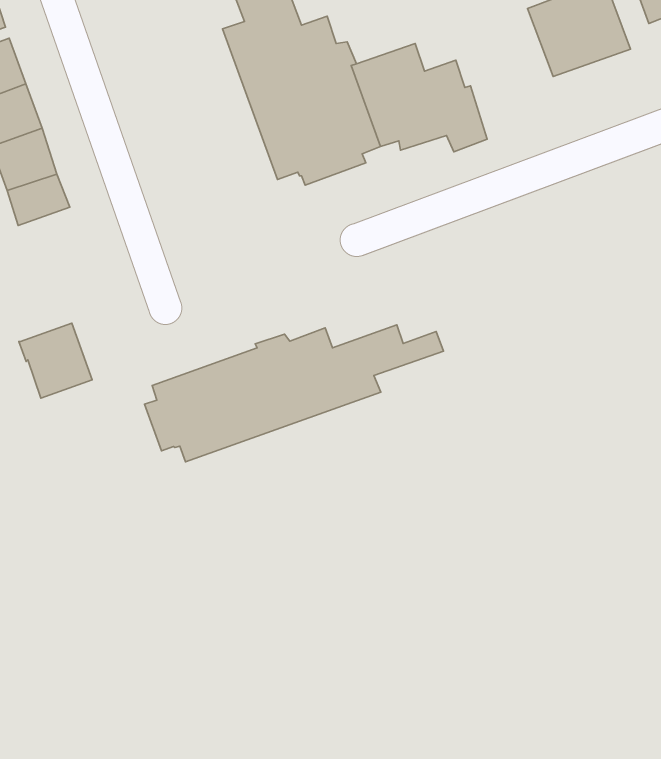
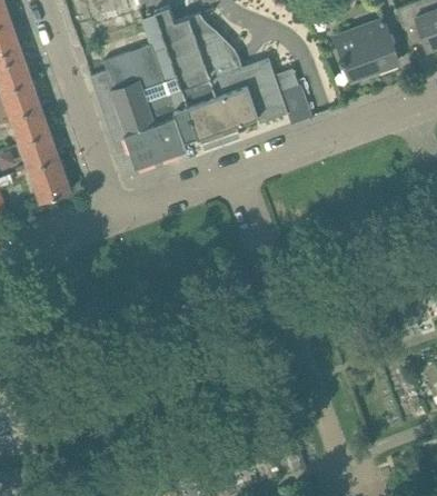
building: none -> [90,46,187,168]
building: [19,323,92,398] -> [27,158,71,204]
building: [145,325,444,462] -> none

